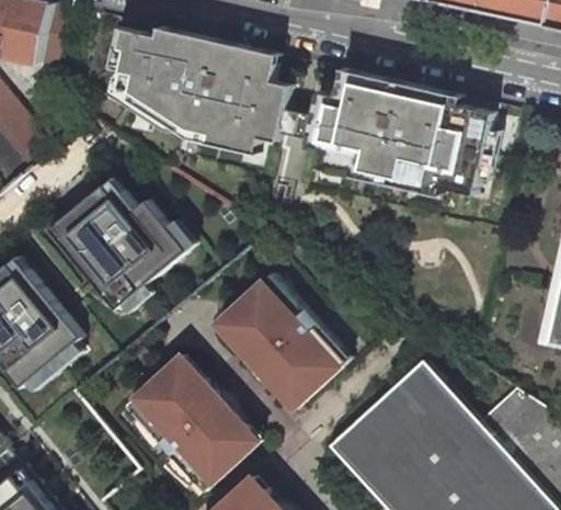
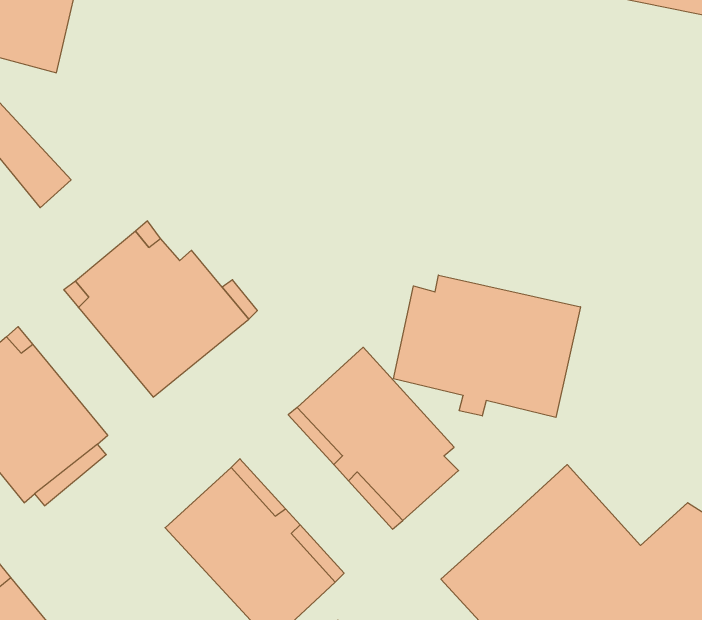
building: [106,30,291,150] -> none
building: [311,77,501,206] -> none
building: none -> [394,275,580,417]

